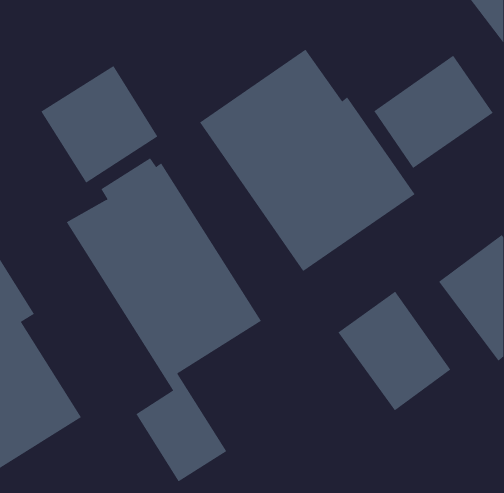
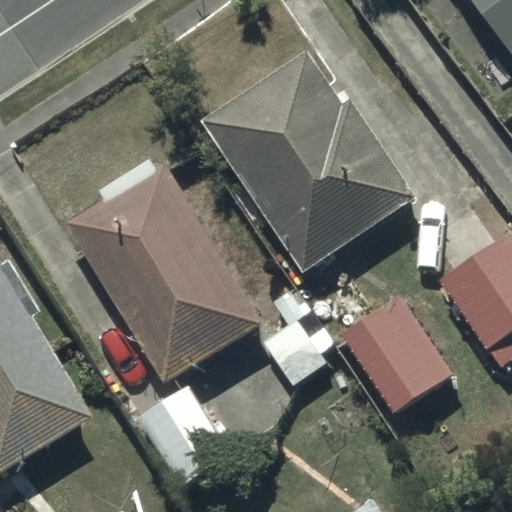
building: [374,55,493,169] -> none
building: [40,65,158,184] -> none

